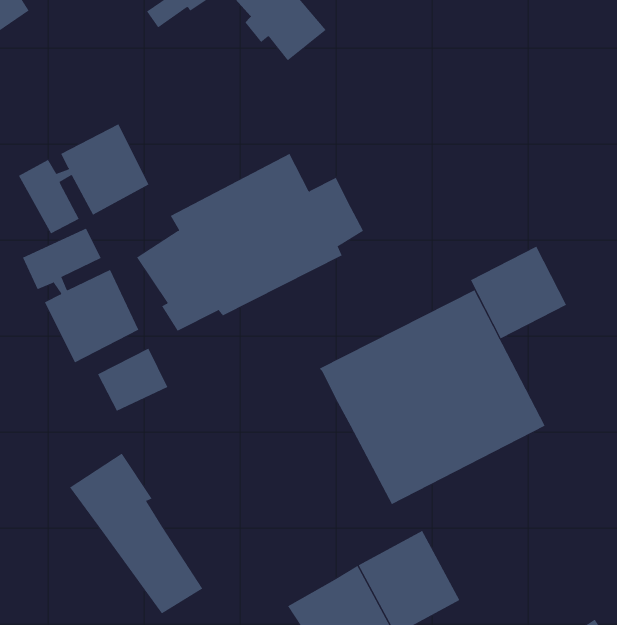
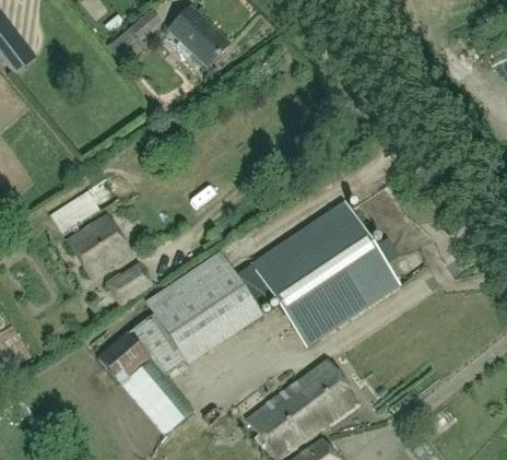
building: [18,123,149,234] -> none
building: [136,153,364,331] -> [128,252,273,376]
building: [470,246,567,339] -> none

